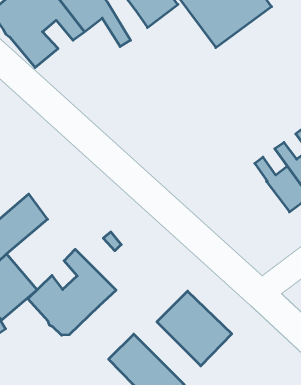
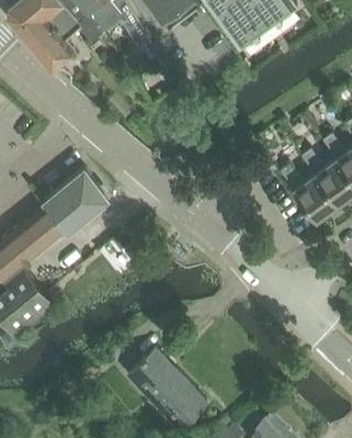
building: none -> [43,167,106,232]
building: [28,249,116,335] -> none
building: [157,291,232,366] -> none

